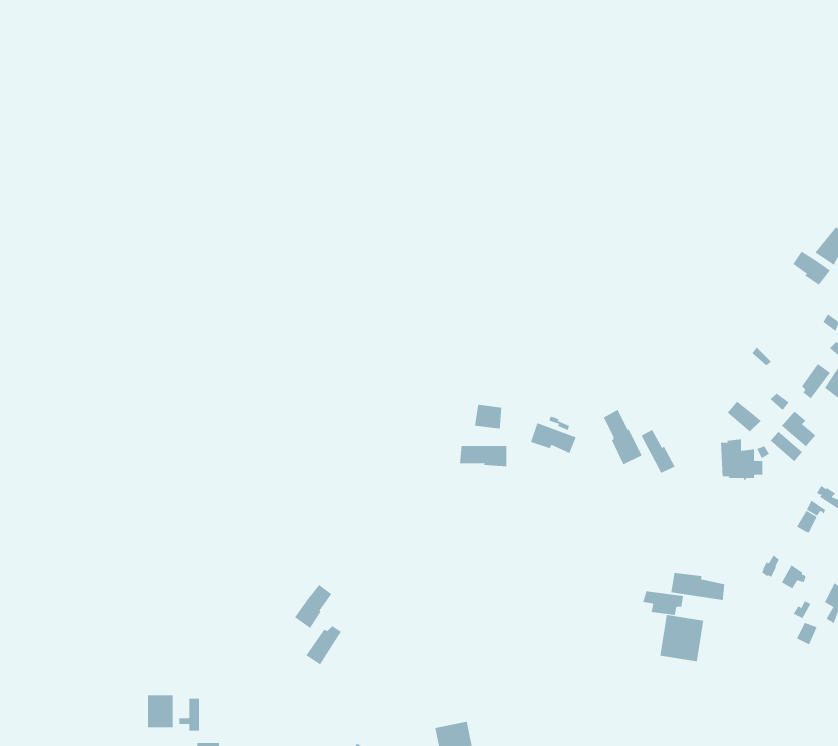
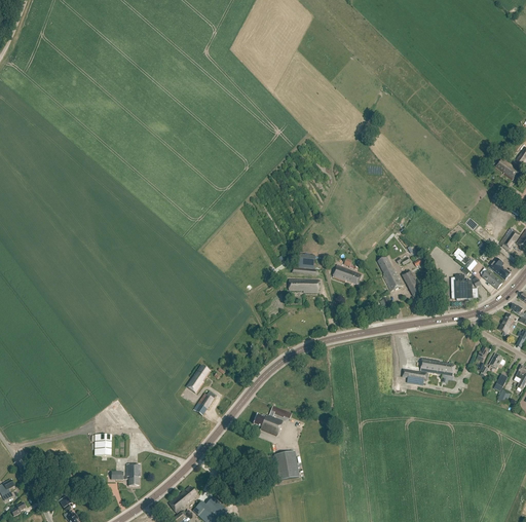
building: [660,614,704,662] -> none
building: none -> [253,406,292,437]

